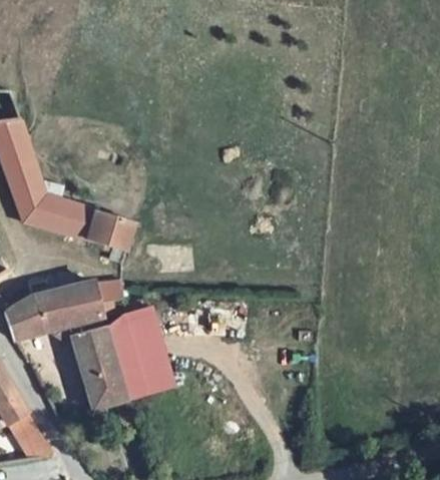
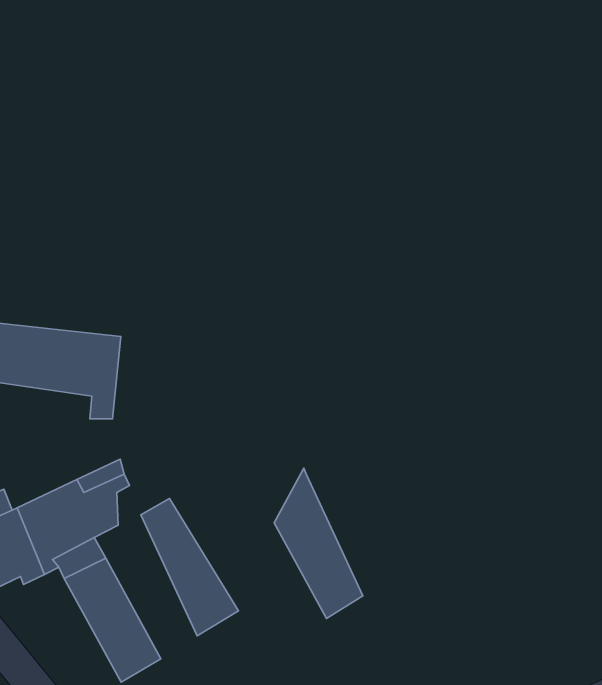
building: [96,312,141,401] -> [274,468,363,619]

